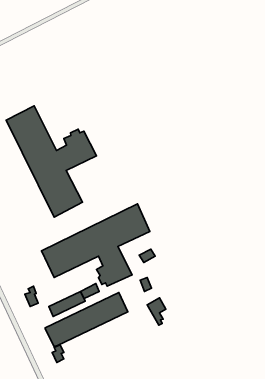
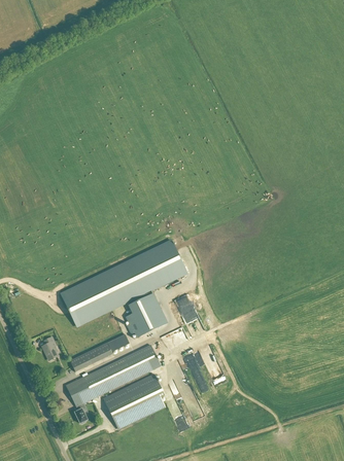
building: [6,106,97,217] -> none
building: none -> [102,373,164,429]

